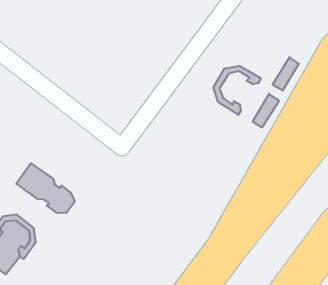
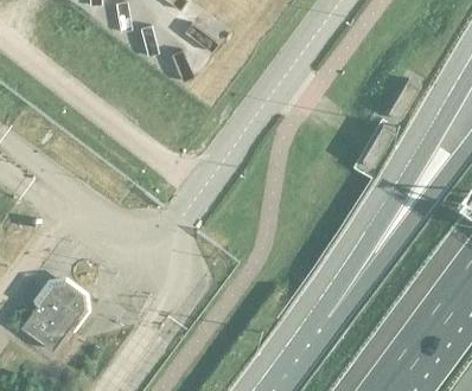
building: [214,66,261,115] -> none
building: [16,163,75,213] -> none

